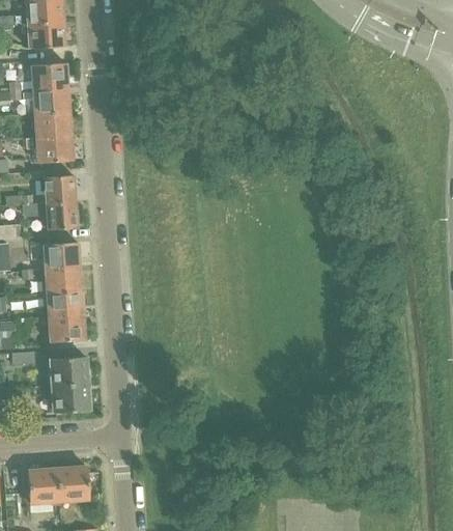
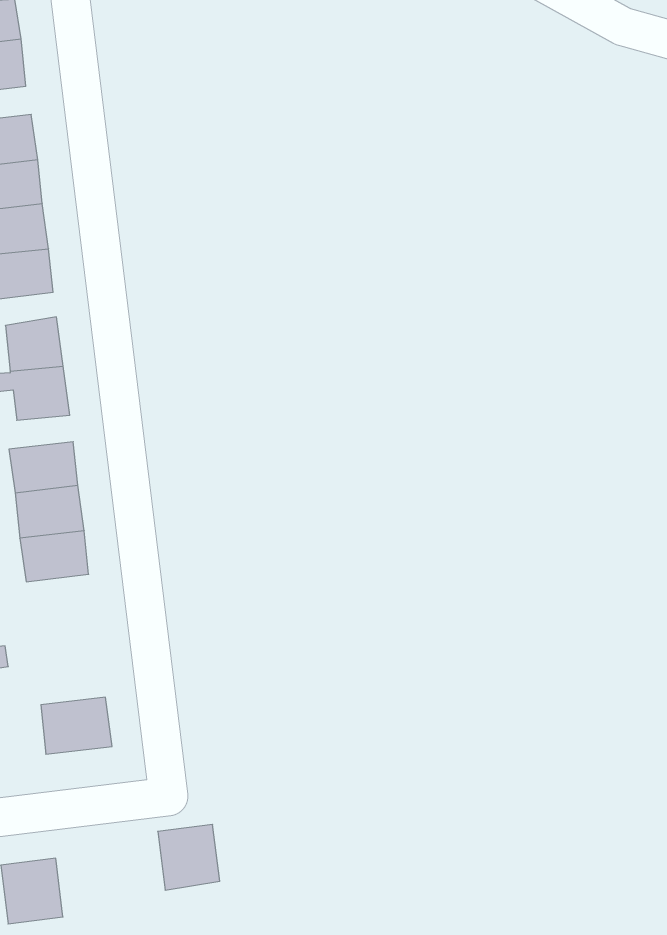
building: [48,315,84,342] -> none
building: [50,356,87,385] -> none
building: [55,467,87,501] -> [158,824,220,890]

